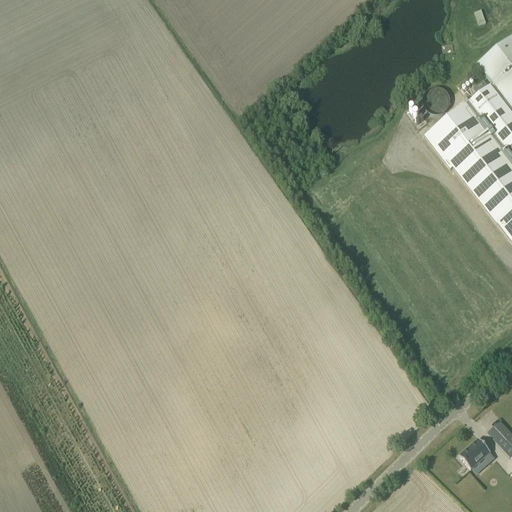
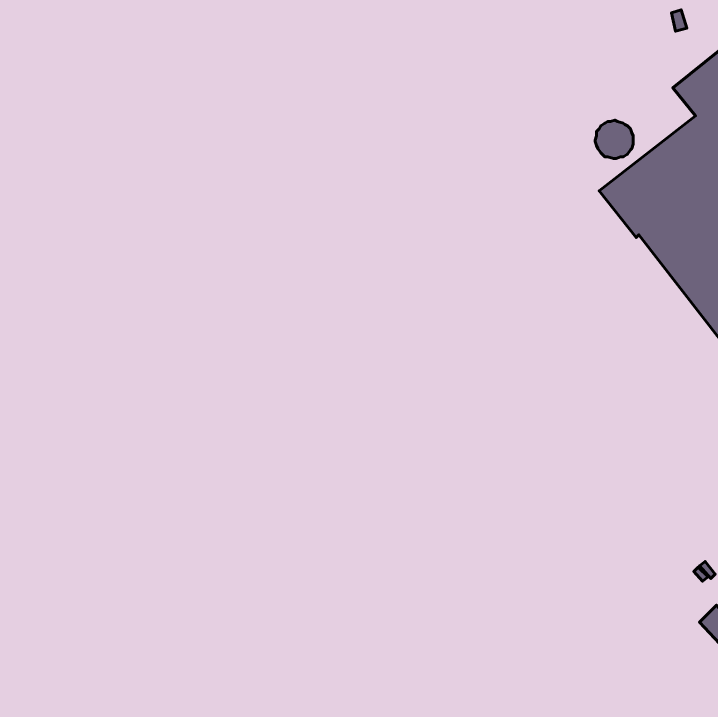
building: [462,437,493,468] -> none

